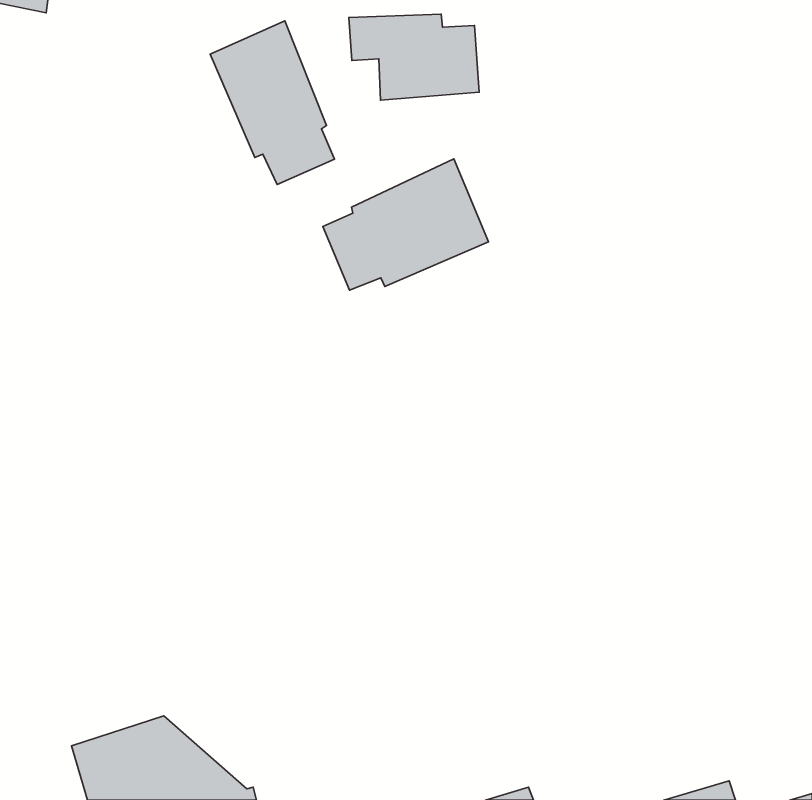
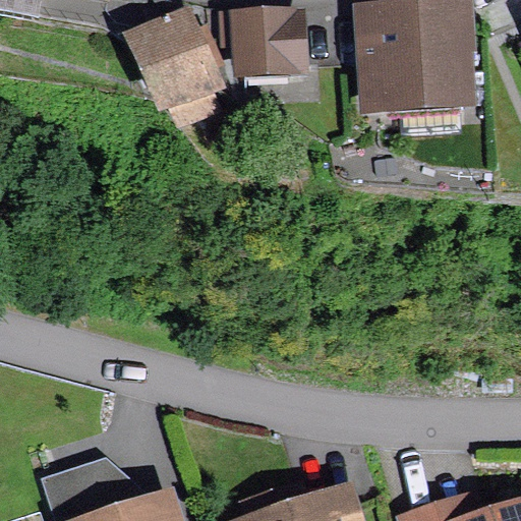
building: none -> [364,4,463,98]
building: [323,159,488,290] -> none

